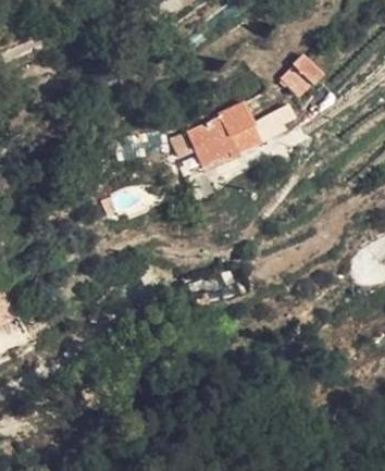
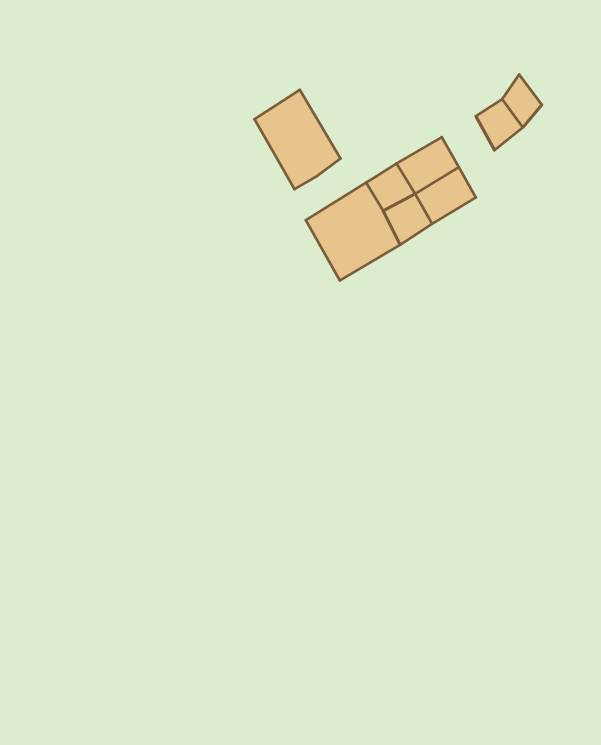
building: none -> [254,90,340,189]

